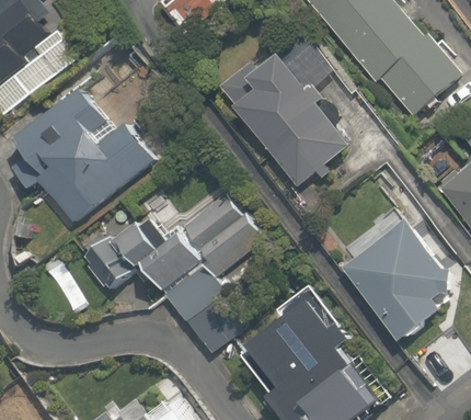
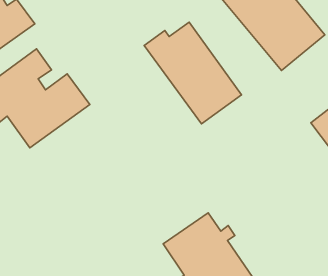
building: [82,189,263,341] -> none
building: [338,218,449,339] -> none

